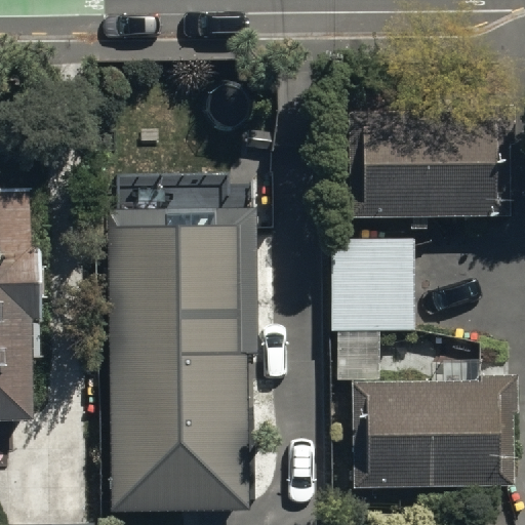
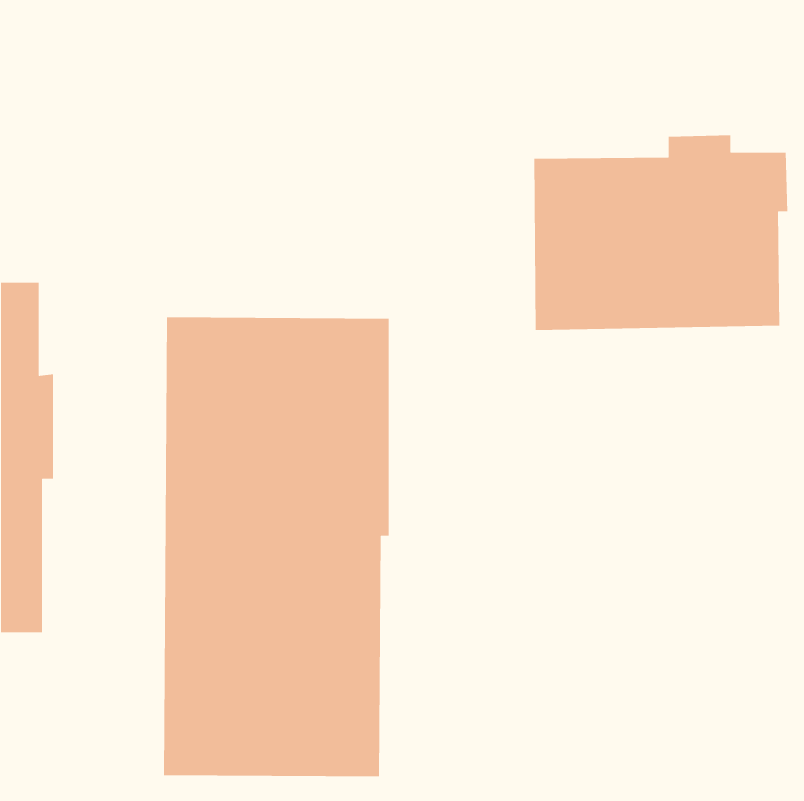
building: [332,240,416,330] -> none
building: [350,376,511,491] -> none

